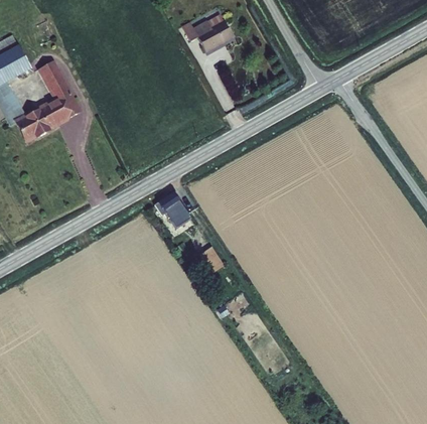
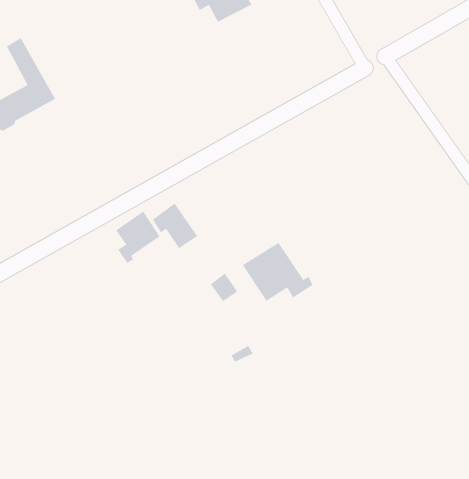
building: none -> [115,210,160,264]
building: none -> [242,242,313,302]

